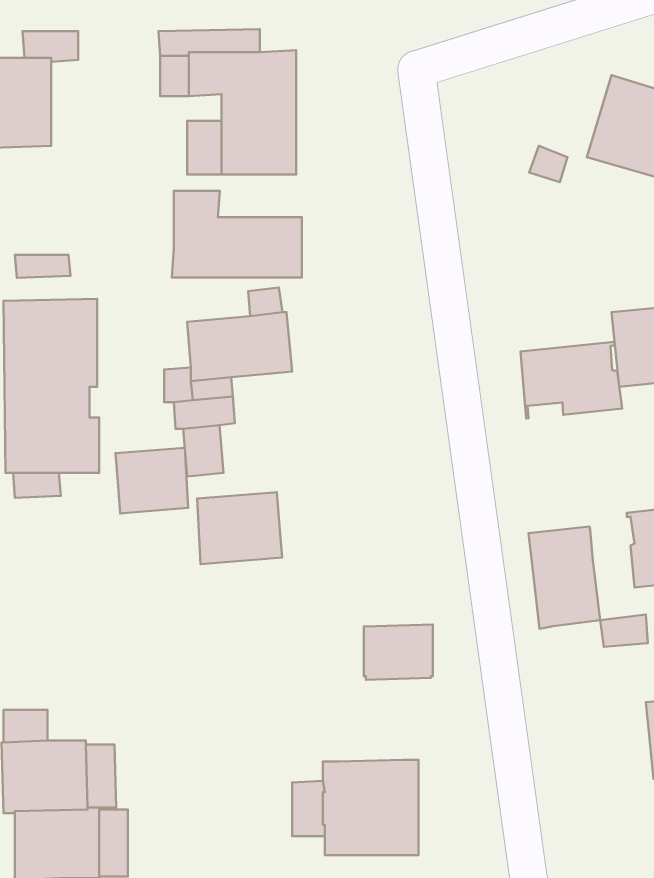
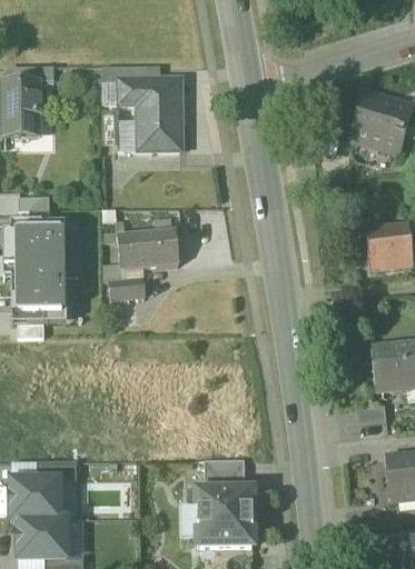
building: [172,191,302,277] -> none
building: [520,342,622,418] -> none
building: [115,448,188,513] -> none
building: [197,492,282,564] -> none
building: [528,526,600,629] -> none
building: [364,624,433,680] -> [205,459,245,491]
building: none -> [37,461,77,481]

